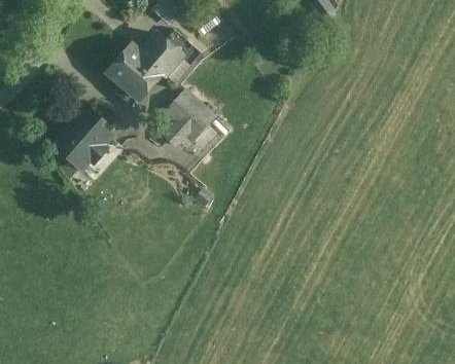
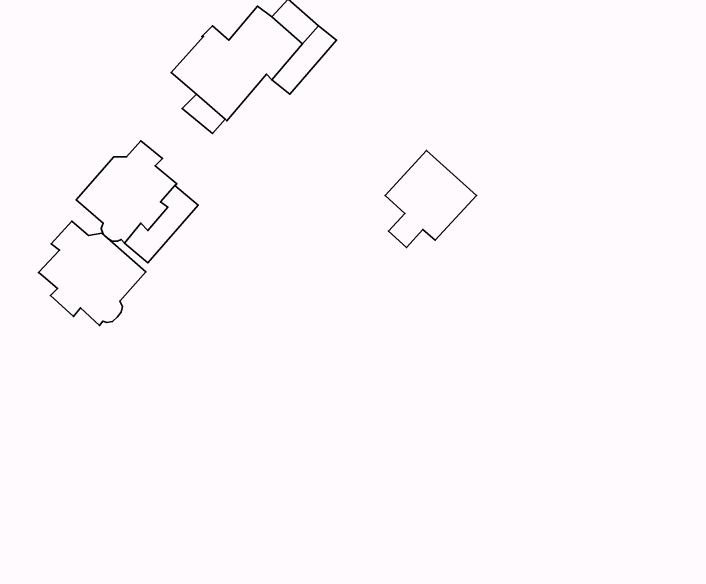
building: [162,88,214,144] -> [385,151,477,247]
building: none -> [39,221,146,326]

